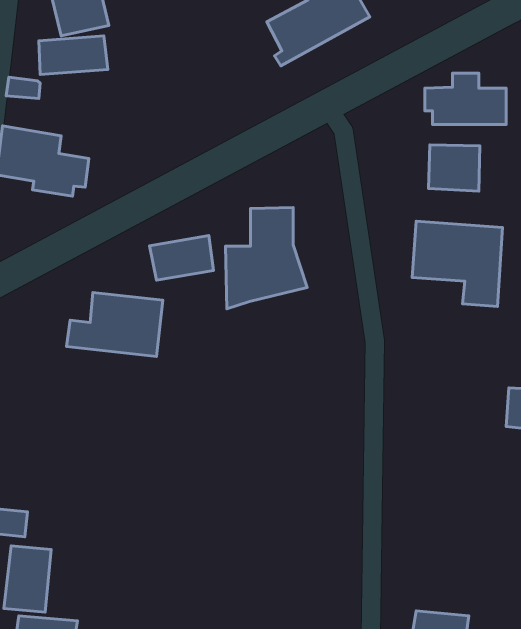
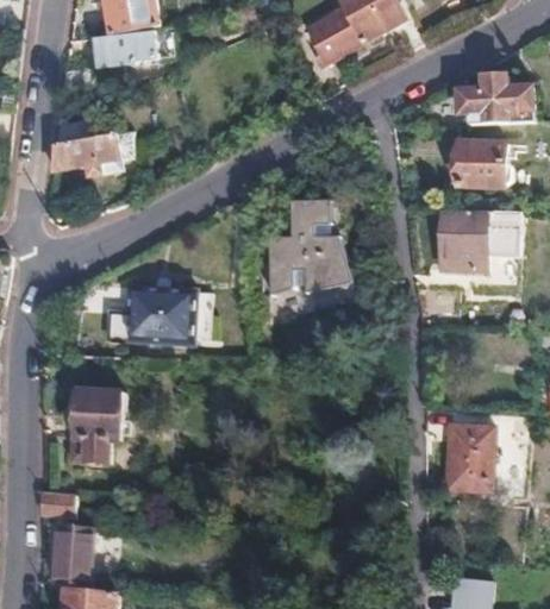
building: [149,236,214,280] -> none
building: none -> [69,385,123,457]
building: none -> [446,426,496,488]

